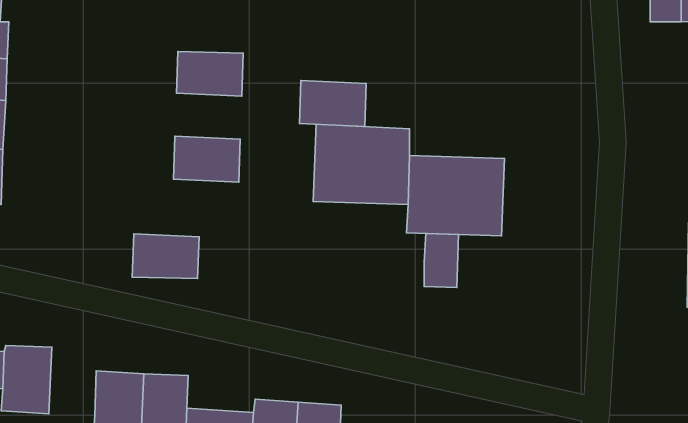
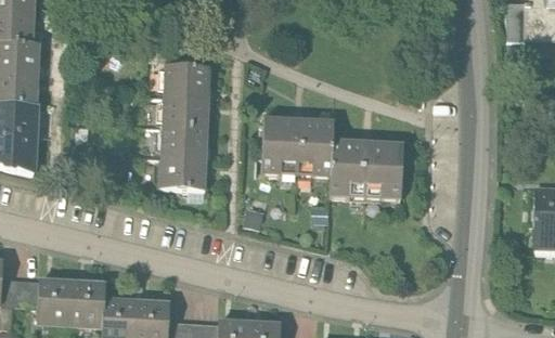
building: [299,80,366,127] -> [160,93,209,127]
building: [424,233,459,287] -> none
building: [132,234,199,279] -> [158,156,207,188]
building: none -> [68,278,104,328]

